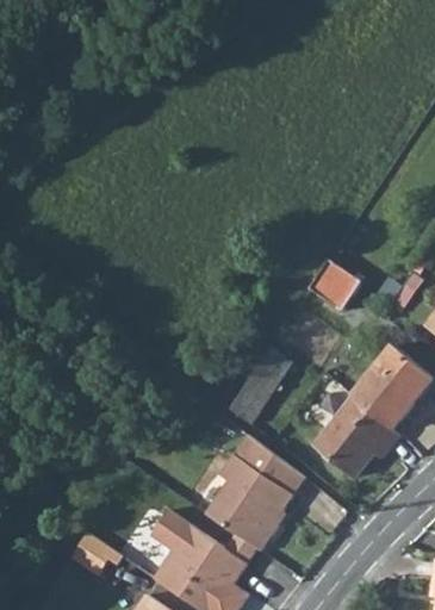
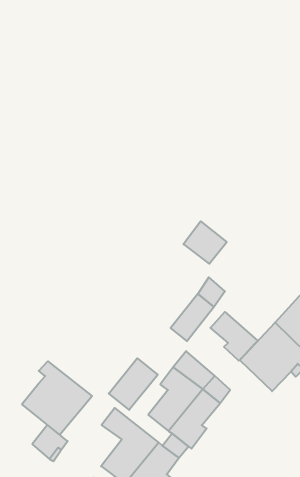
building: [307,261,359,311] -> [183,221,227,264]
building: none -> [210,312,258,361]
building: none -> [109,358,158,410]
building: none -> [22,361,92,435]

